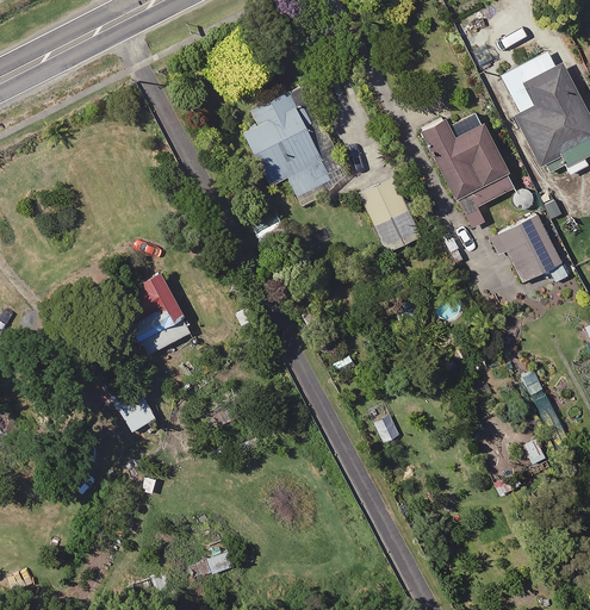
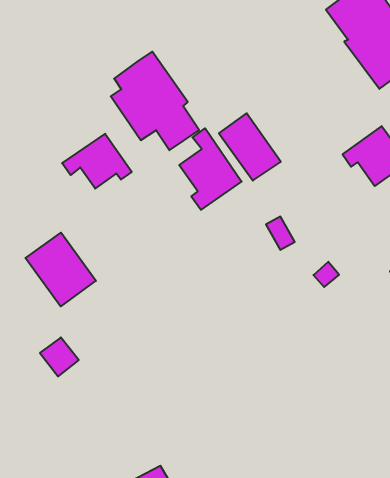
building: [421,113,514,205] -> none
building: none -> [62,134,132,189]
building: none -> [179,128,242,210]

